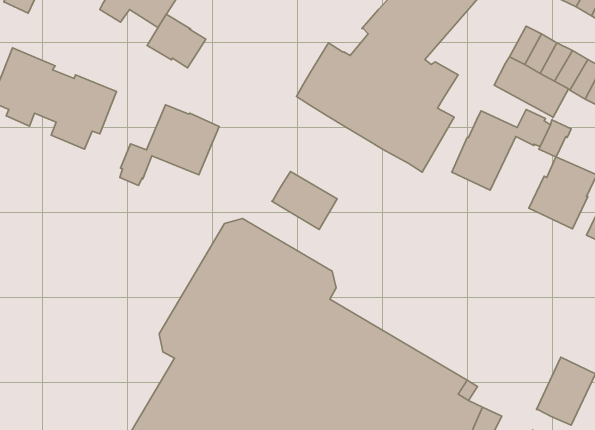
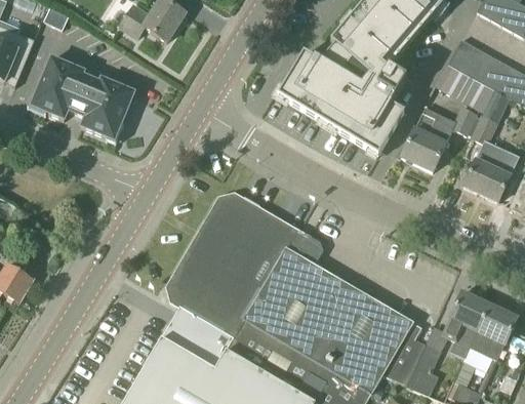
building: [147,14,206,68] -> none
building: [120,105,219,185] -> none
building: [272,171,337,230] -> none
building: none -> [443,292,489,347]

